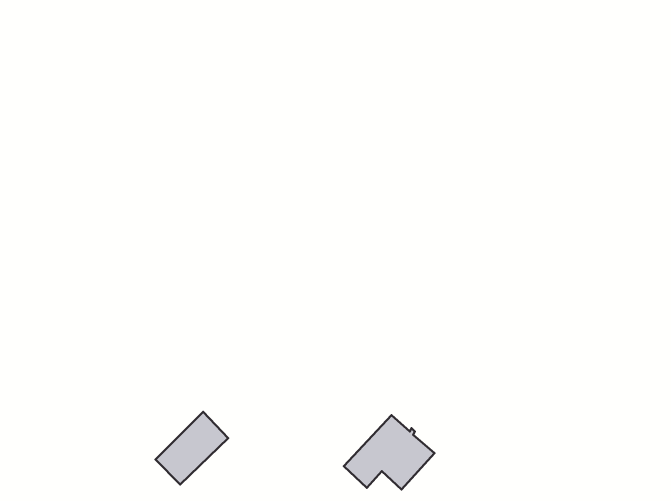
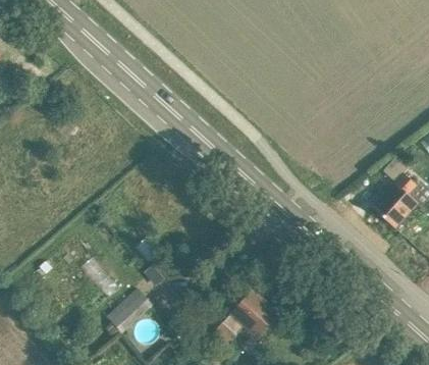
building: none -> [372,170,417,225]

